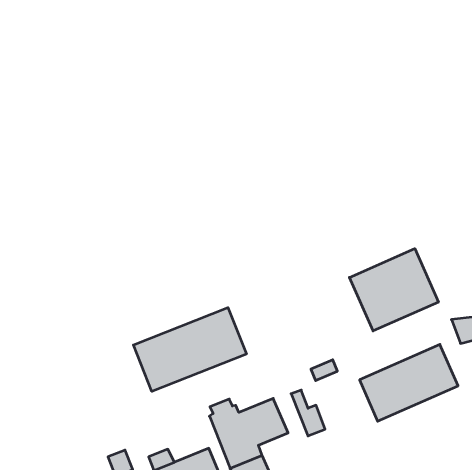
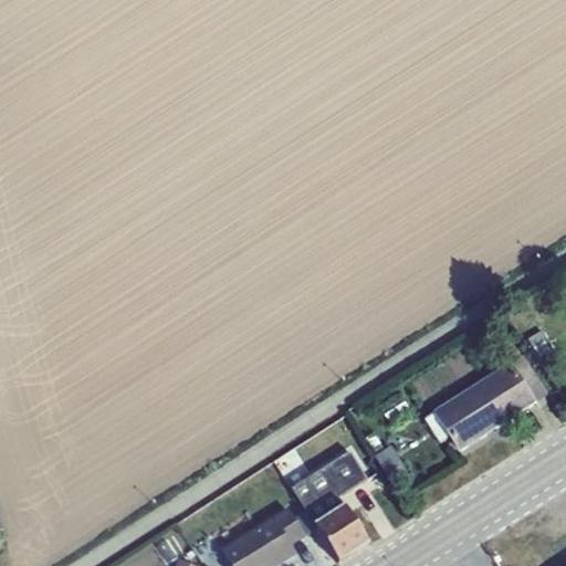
building: [349,249,438,331] -> none
building: [133,308,246,391] -> none

